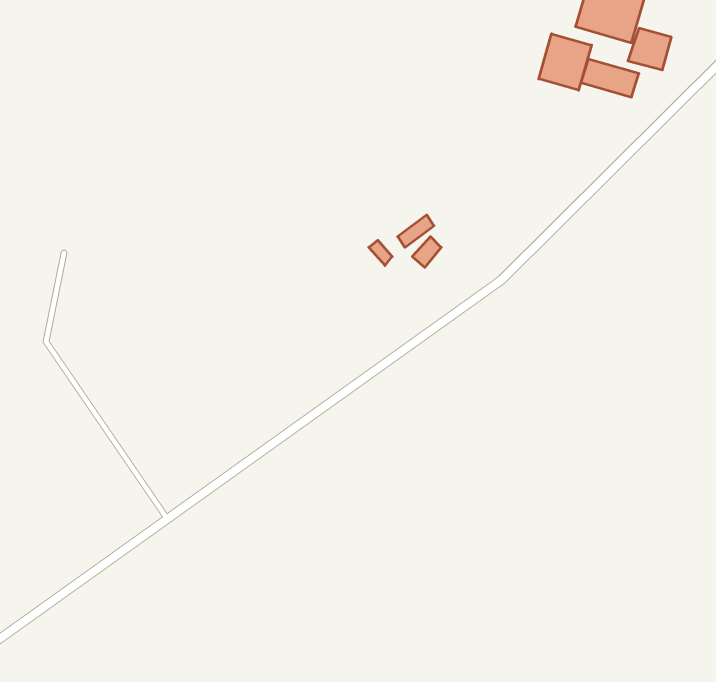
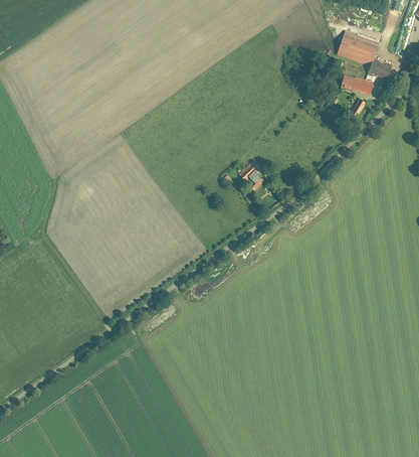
building: [539,34,592,90] -> none

